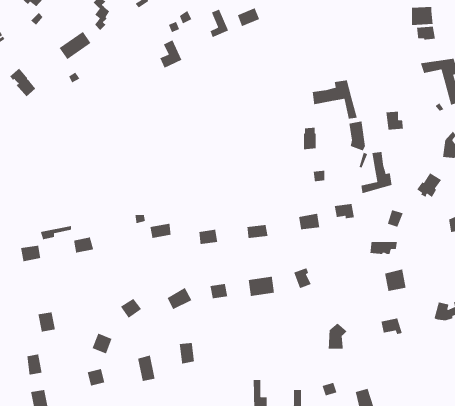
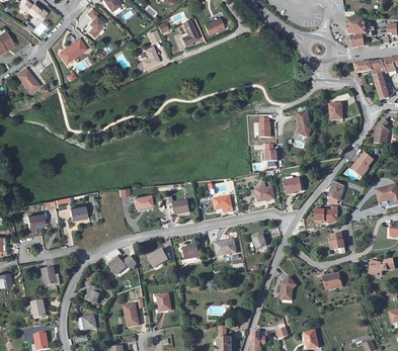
building: [312,79,358,119] -> none
building: [361,151,393,194] -> none

